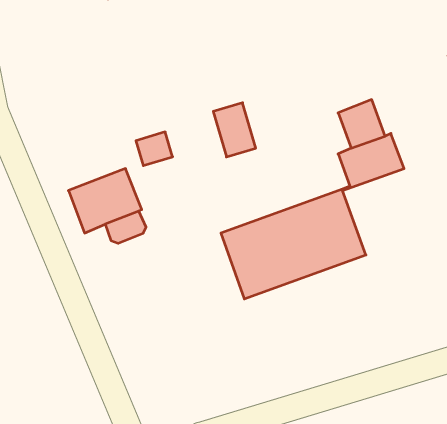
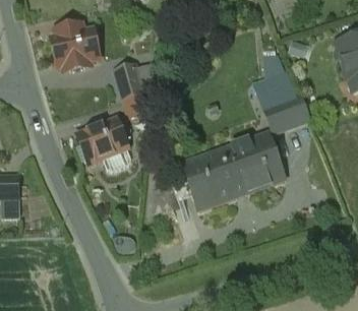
building: none -> [51,22,99,70]
building: [213,103,256,157] -> [114,61,143,99]

